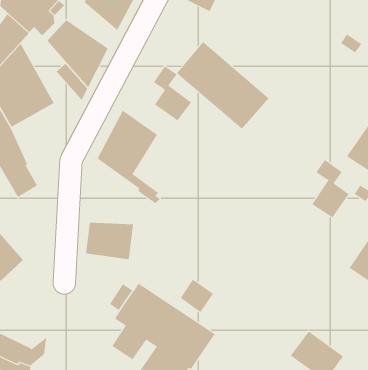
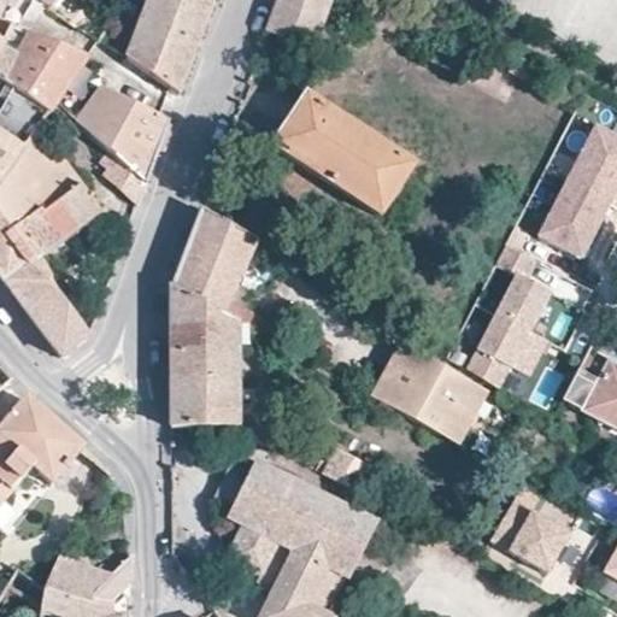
building: [153,65,192,121] -> none
building: none -> [171,282,237,377]
building: none -> [466,311,546,386]
building: none -> [371,341,486,441]

